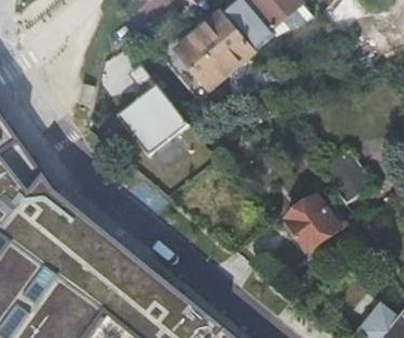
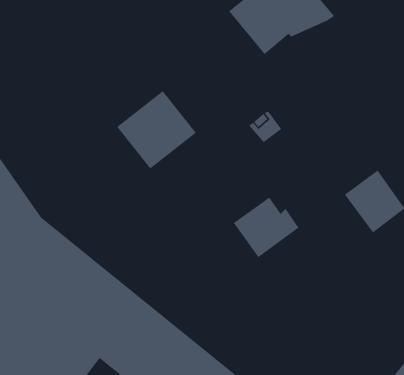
building: [174,12,249,87] -> none
building: [284,197,342,250] -> [233,197,300,258]

